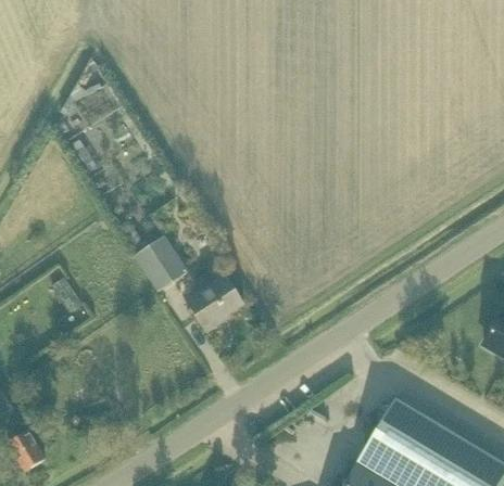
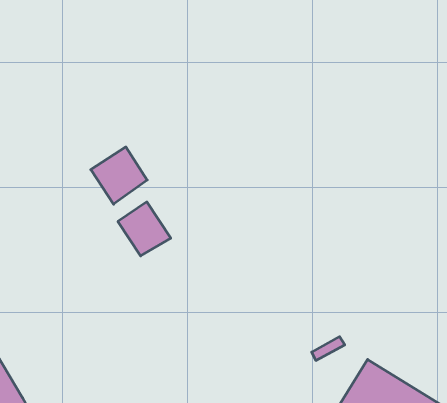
building: none -> [91,147,147,204]
building: [185,274,244,335] -> none

